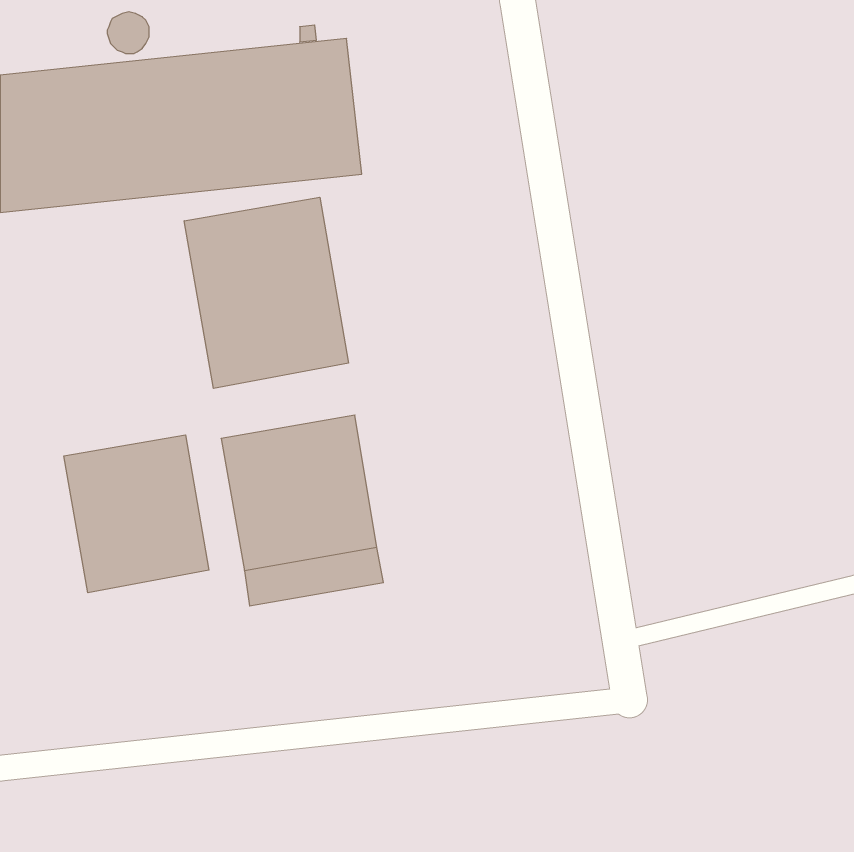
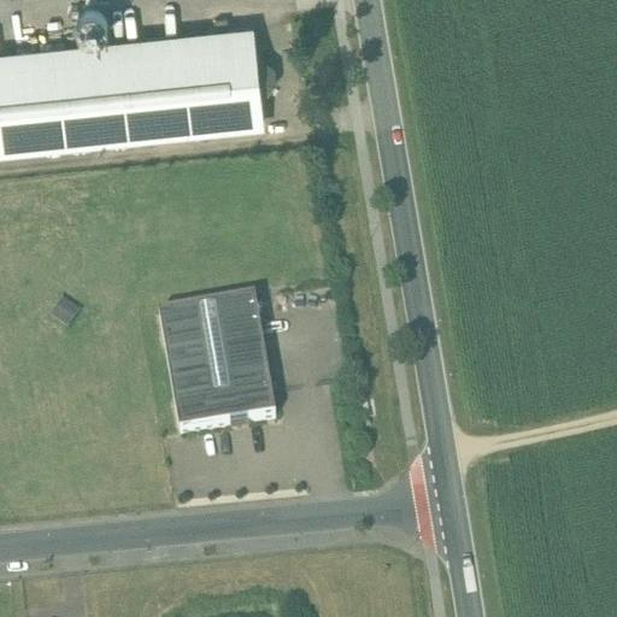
building: [184,197,348,388] -> none
building: [64,435,209,593] -> none

